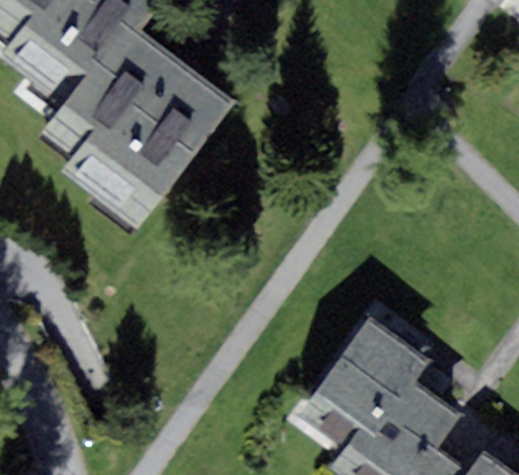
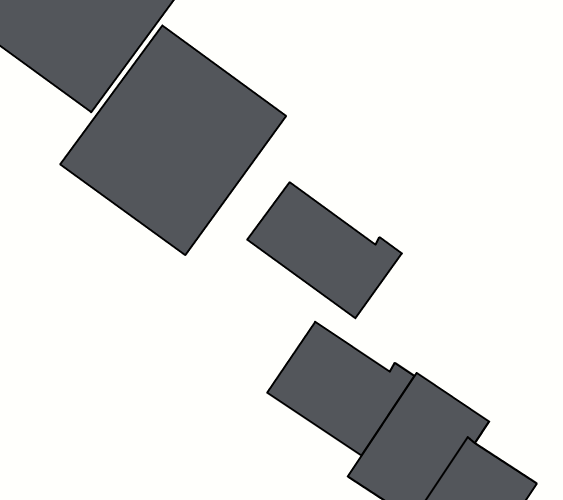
building: none -> [247,182,402,318]
building: none -> [267,322,414,456]

